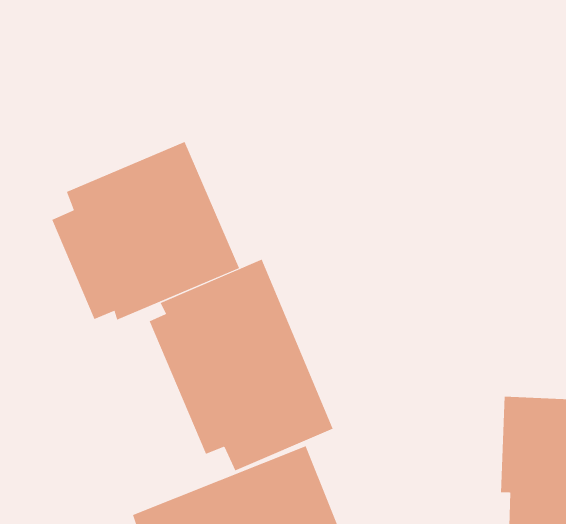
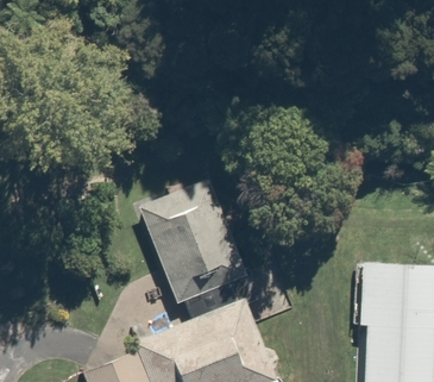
building: [51,141,240,320] -> none

